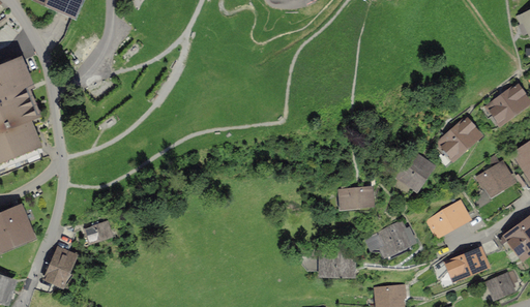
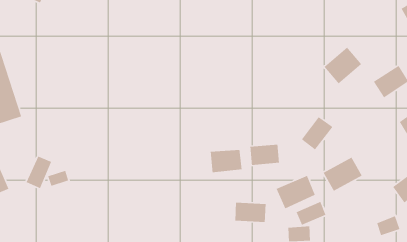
building: [435,117,482,163] -> [324,47,362,84]
building: [472,161,513,199] -> none
building: none -> [210,149,243,173]
building: [39,246,72,287] -> [25,156,52,189]
building: [449,246,488,277] -> [296,201,327,226]

